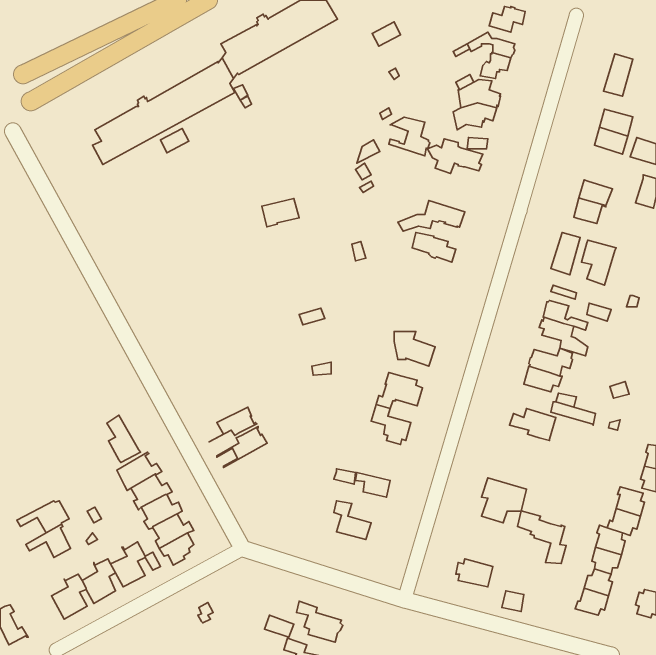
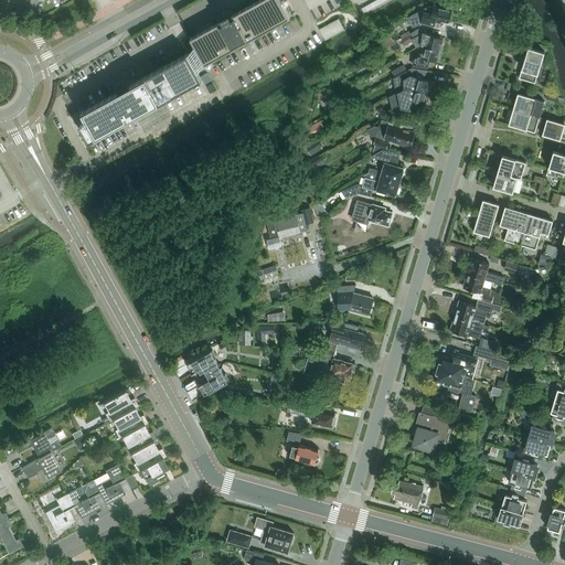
building: [389,117,430,156] -> [369,150,404,183]
building: [262,199,299,227] -> [267,215,299,239]
building: none -> [520,216,553,250]
building: [107,415,140,462] -> none
building: [517,511,566,564] -> [435,366,477,412]

